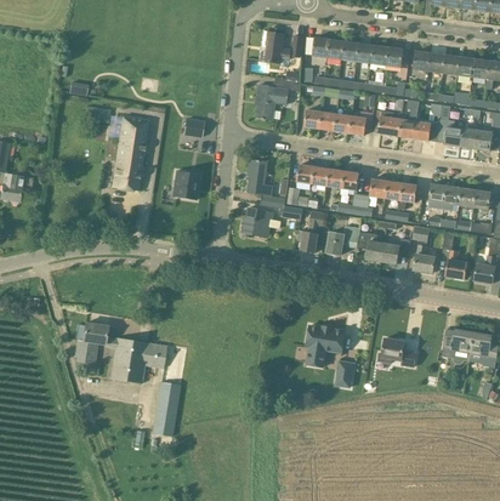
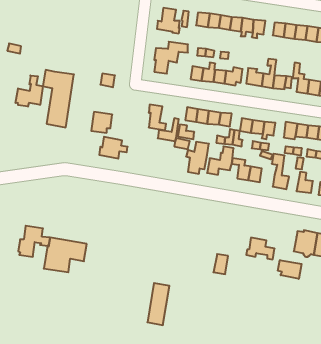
building: none -> [16,75,43,107]
building: [243,207,280,237] -> [99,137,128,159]
building: [306,325,346,366] -> none
building: none -> [278,260,302,279]
building: [152,381,181,437] -> [147,283,169,325]

